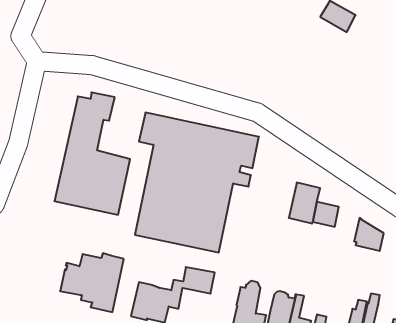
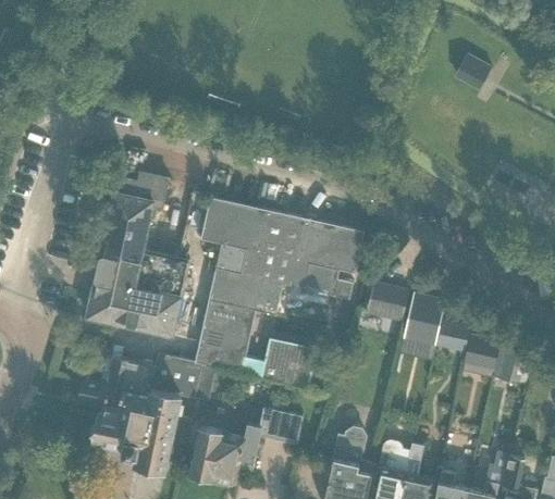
building: none -> [366,283,408,323]
building: none -> [462,335,498,373]
building: none -> [78,355,215,407]

